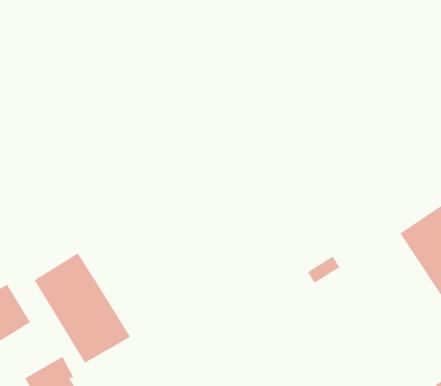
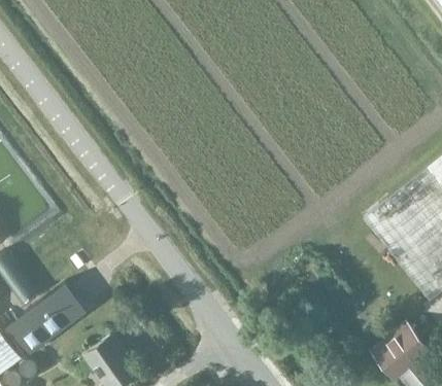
building: [34,252,130,363] -> none

